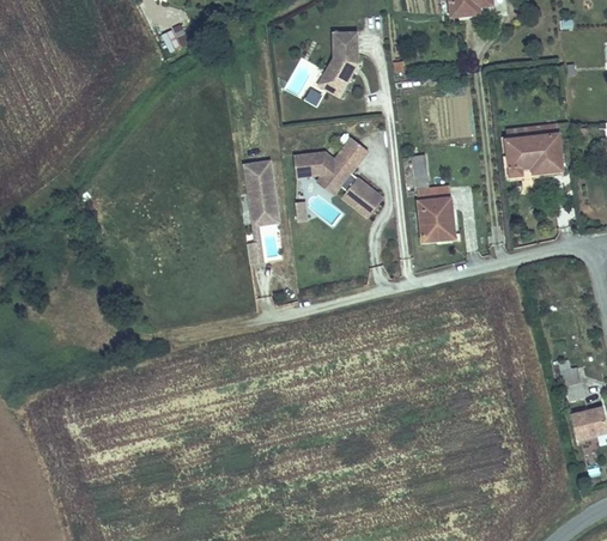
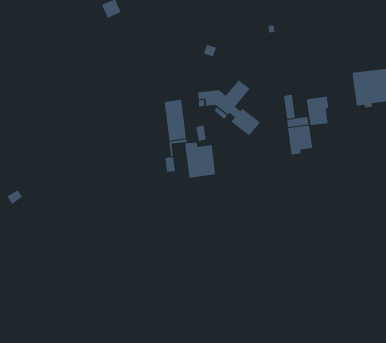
building: [320,31,357,95] -> none
building: none -> [306,96,329,126]
building: none -> [184,142,216,179]

